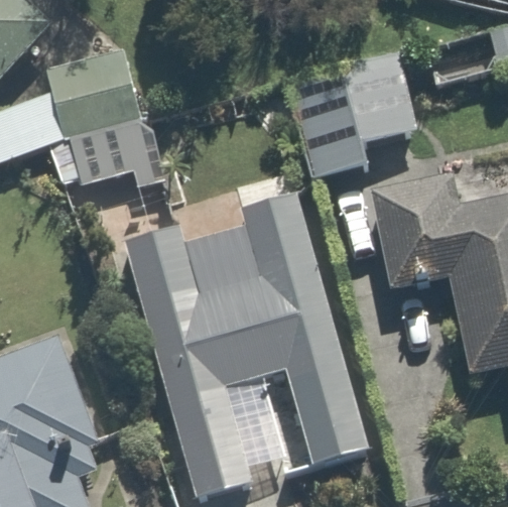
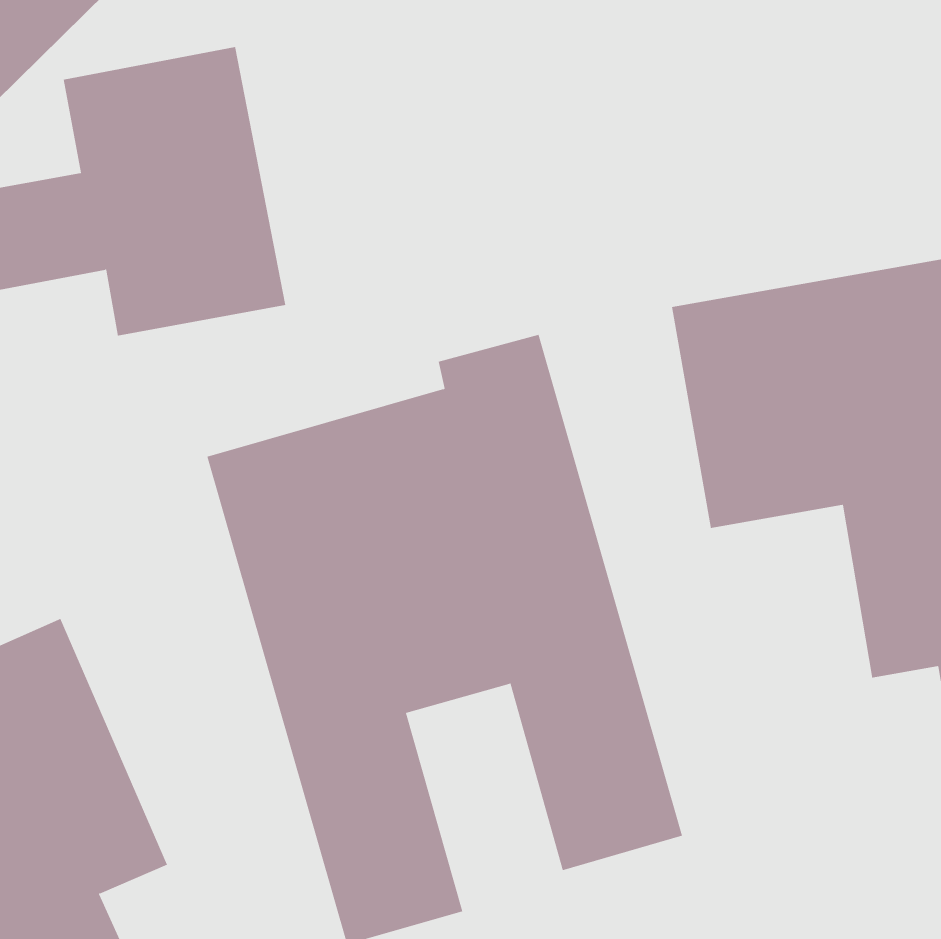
building: [284,45,415,182] -> none

